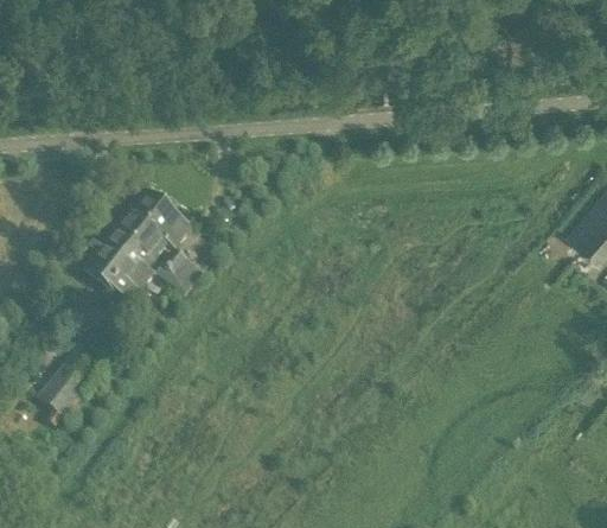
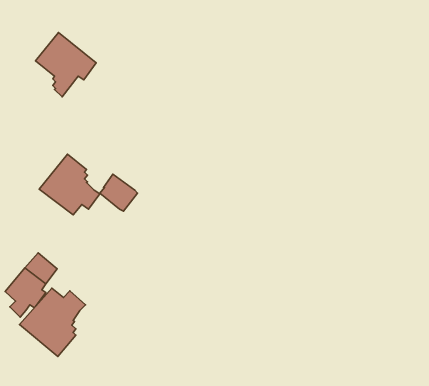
building: [119,186,194,267] -> [36,33,96,97]
building: none -> [19,288,85,356]

